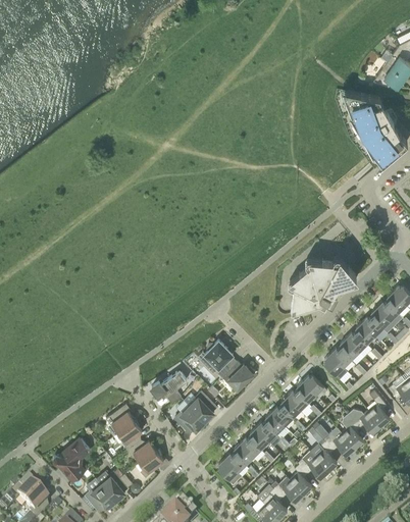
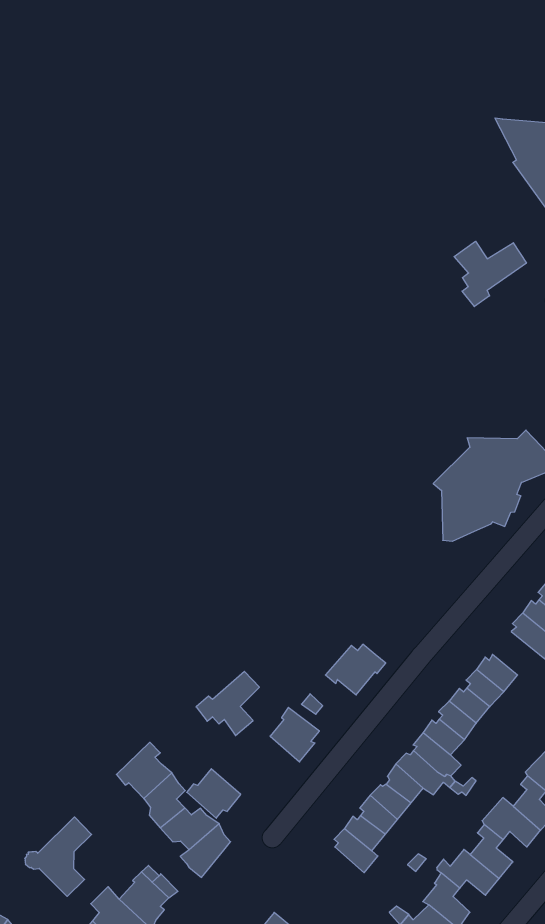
building: none -> [454,241,526,307]
building: [197,341,238,378] -> none
building: [175,407,204,433] -> [187,769,241,818]

